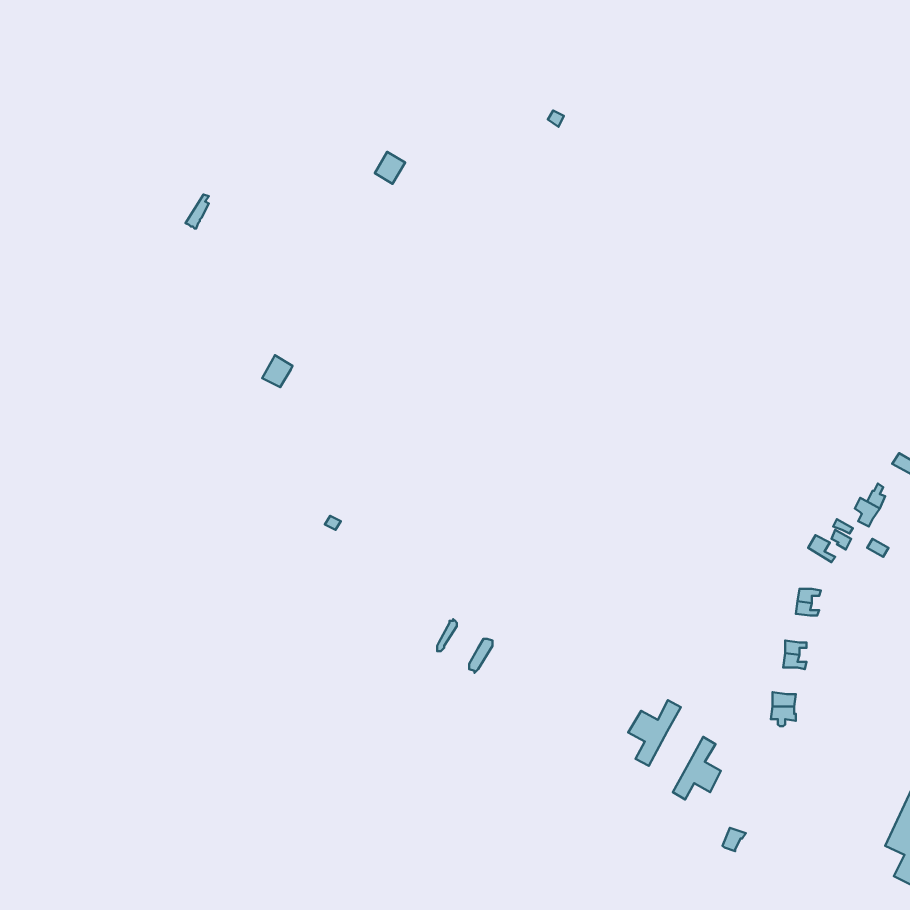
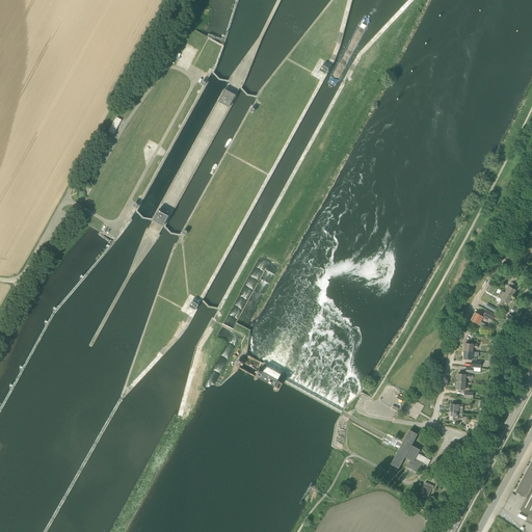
building: [628,700,681,766] -> none

